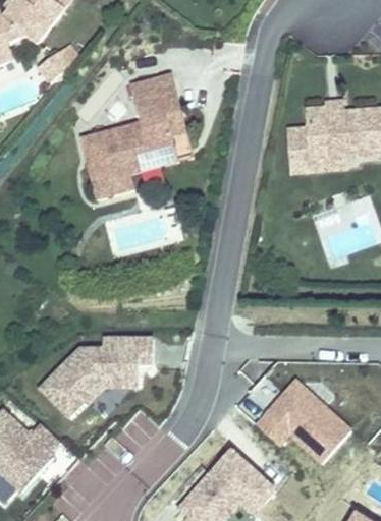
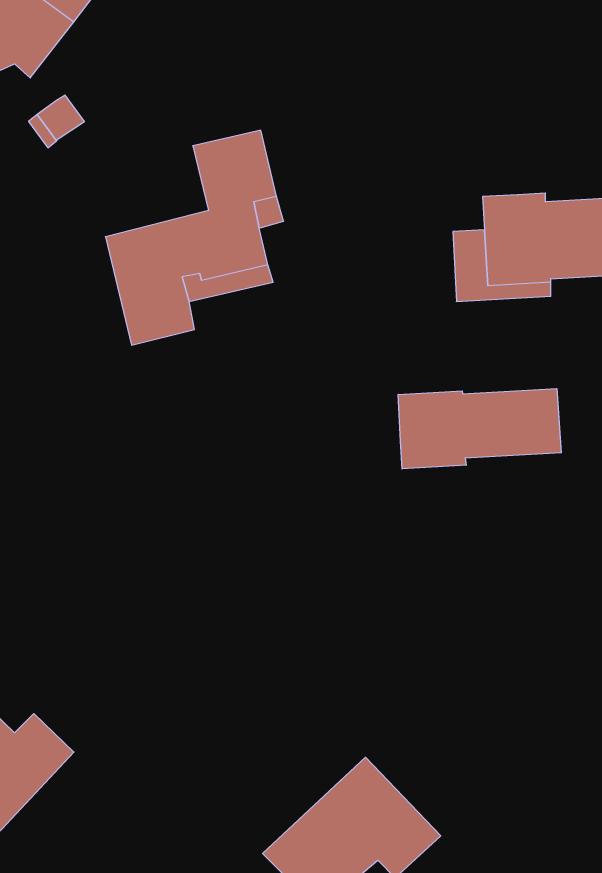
building: none -> [398,389,561,469]
building: [42,330,153,397] -> none
building: [253,372,352,461] -> none

